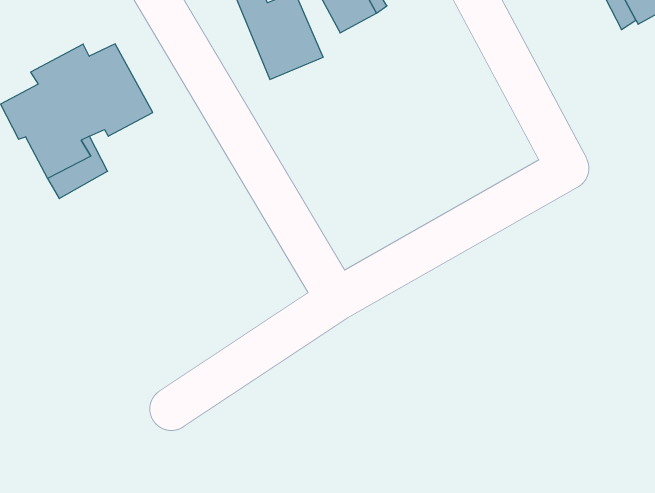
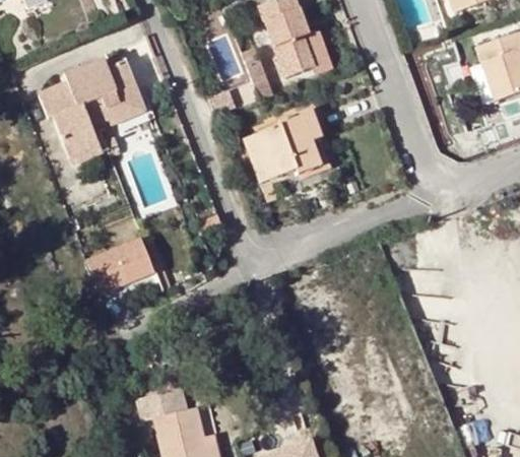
building: none -> [244,107,330,181]
building: none -> [84,238,151,291]

